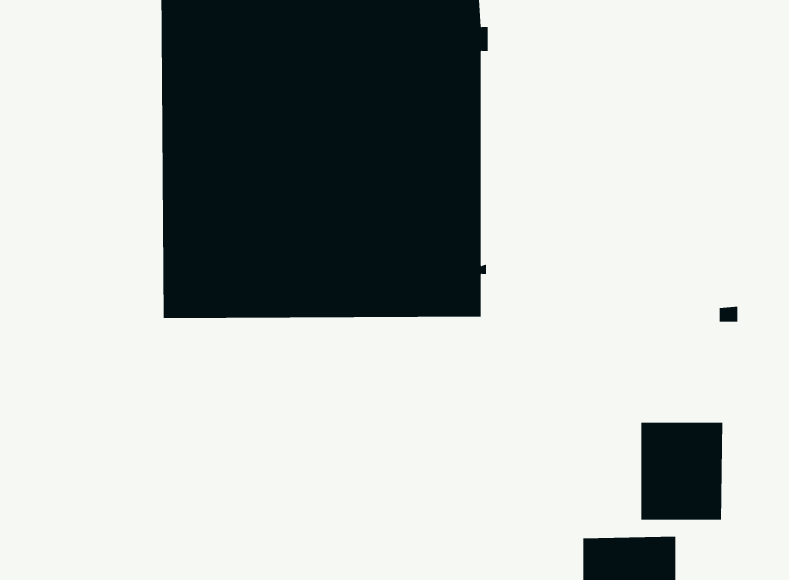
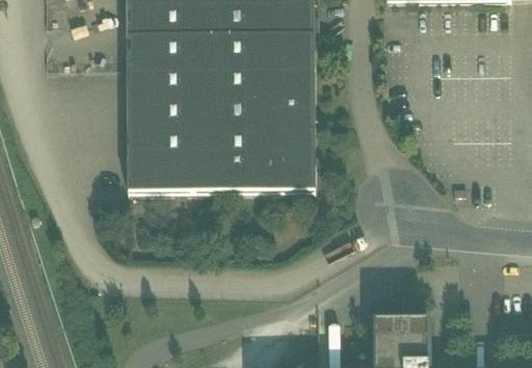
building: [641,422,723,521] -> none

